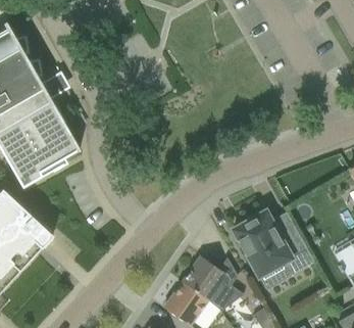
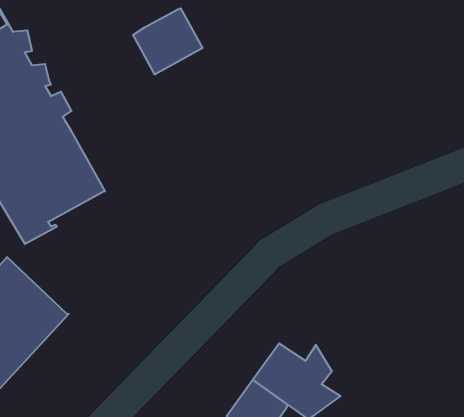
building: none -> [133,8,202,75]
building: [233,210,313,277] -> none

